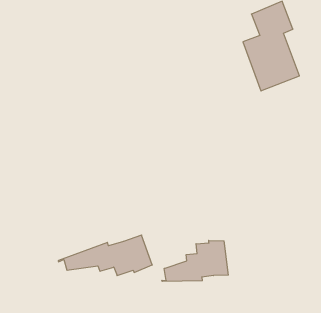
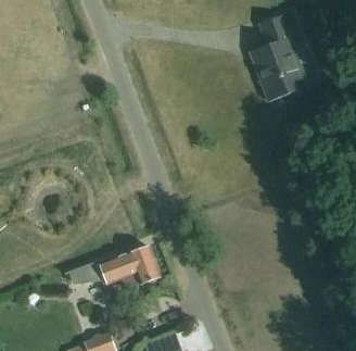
building: [162,240,228,281] -> none

